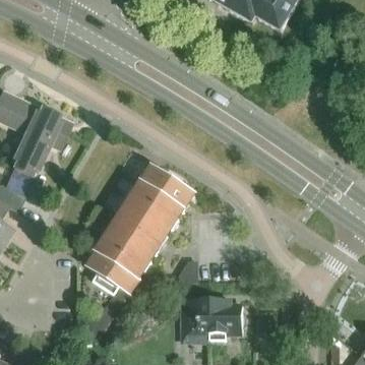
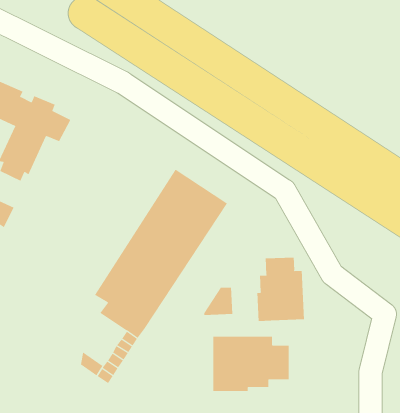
building: none -> [257,257,304,322]

